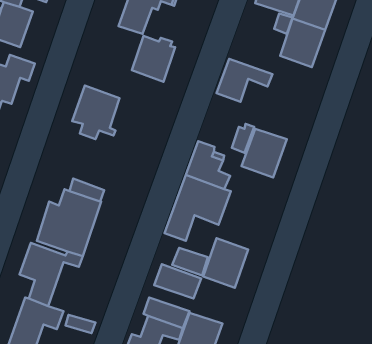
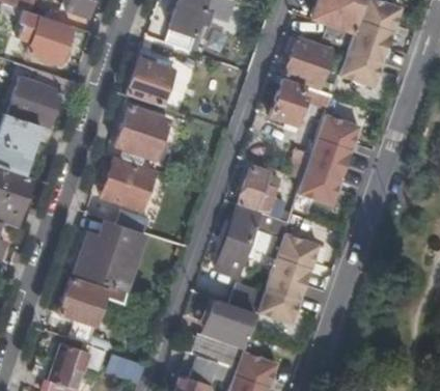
building: none -> [284,38,333,87]
building: [132,36,175,82] -> [126,57,172,107]
building: none -> [312,115,360,165]
building: none -> [101,158,154,210]
building: none -> [271,234,319,284]

